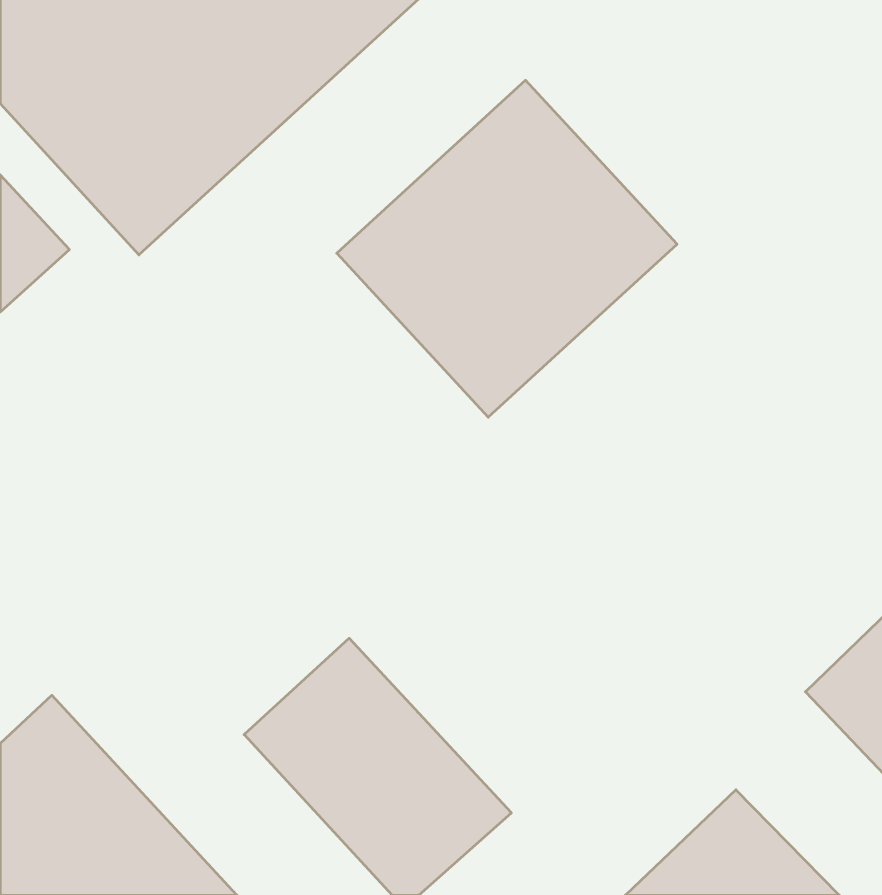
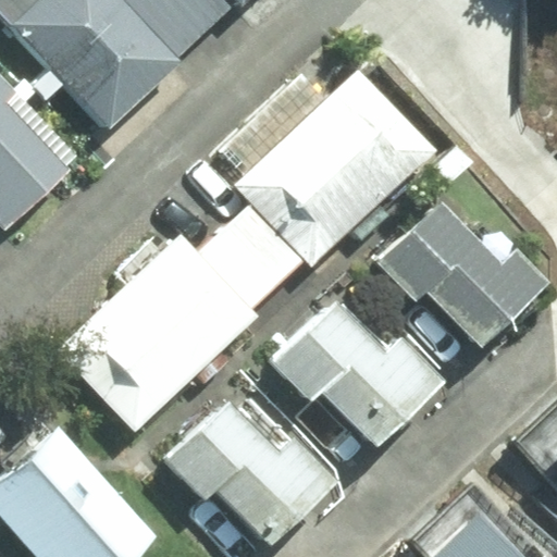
building: none -> [370,205,533,370]
building: none -> [69,239,264,431]
building: none -> [277,285,440,450]

